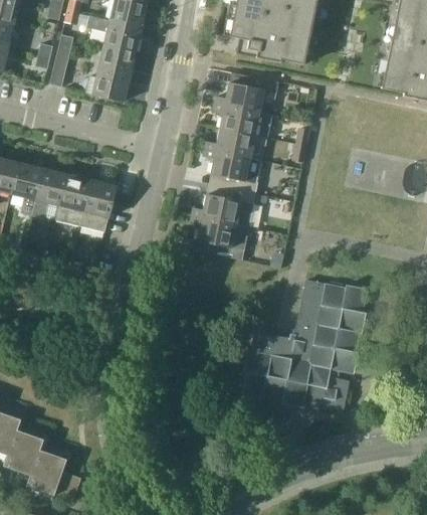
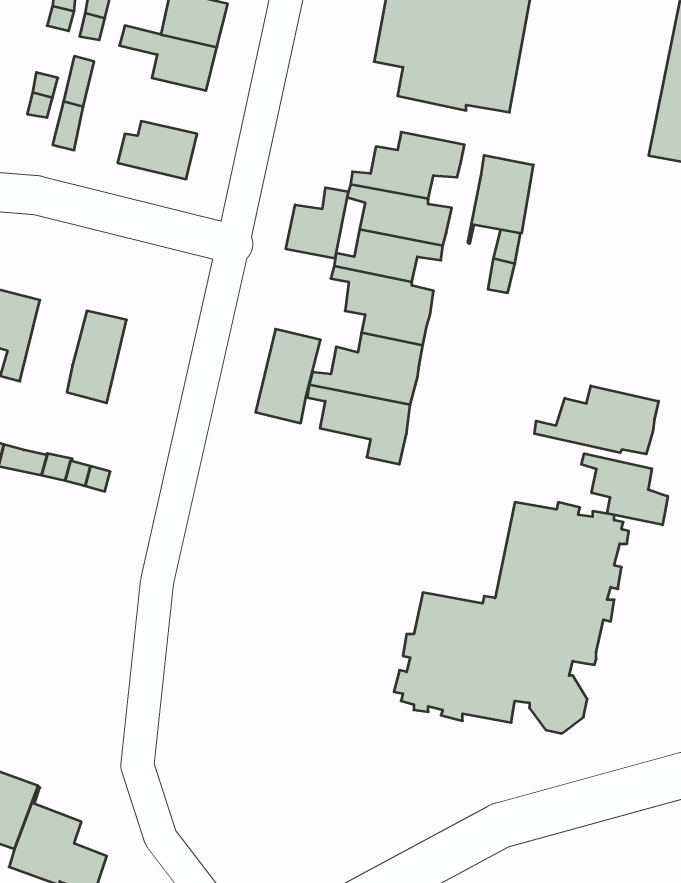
building: [98,44,135,75] -> none
building: none -> [468,155,533,244]
building: none -> [286,188,348,259]
building: [31,168,68,216] -> none
building: [79,179,116,231] -> [256,329,321,423]
building: none -> [534,386,659,454]
building: none -> [581,454,668,525]

